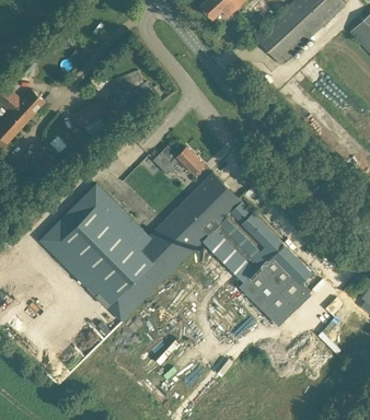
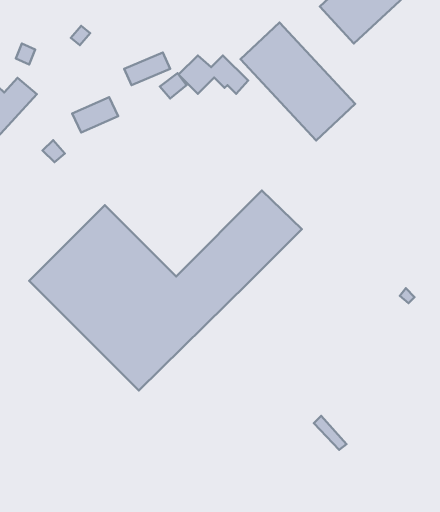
building: none -> [240,22,355,141]
building: [153,145,205,174] -> [178,55,248,94]
building: [203,201,312,324] -> none

